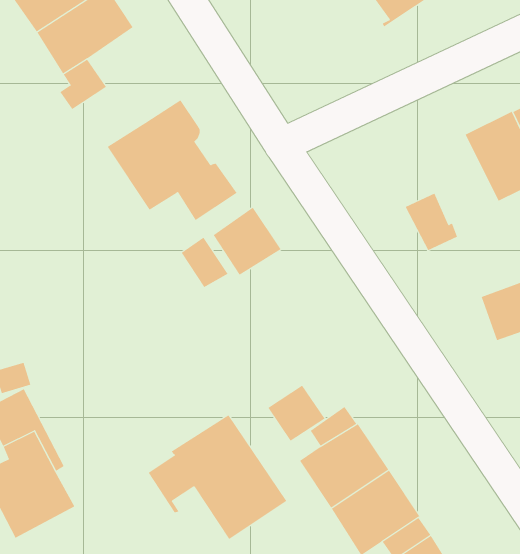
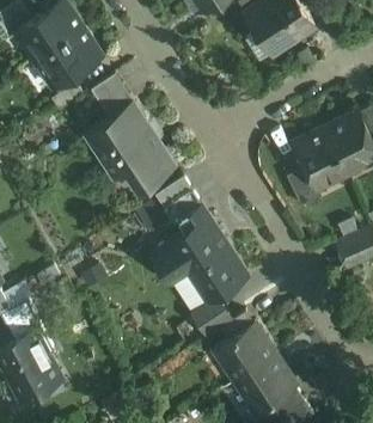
building: none -> [92,75,135,119]
building: none -> [295,128,350,189]
building: [148,415,287,540] -> [154,215,249,300]

